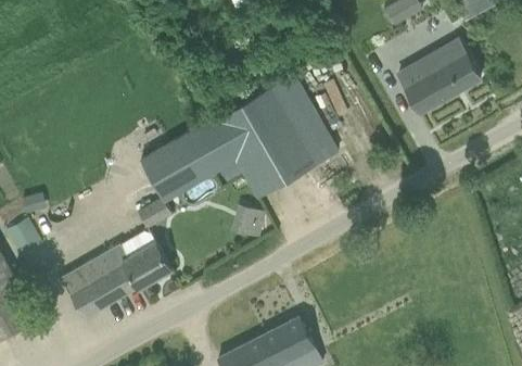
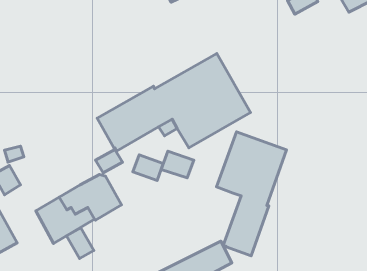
building: [397,40,480,113] -> none
building: none -> [217,132,287,256]
building: none -> [133,155,163,181]
building: none -> [66,228,94,259]

